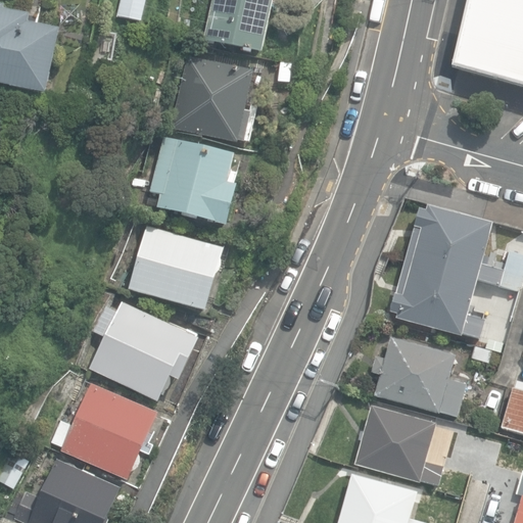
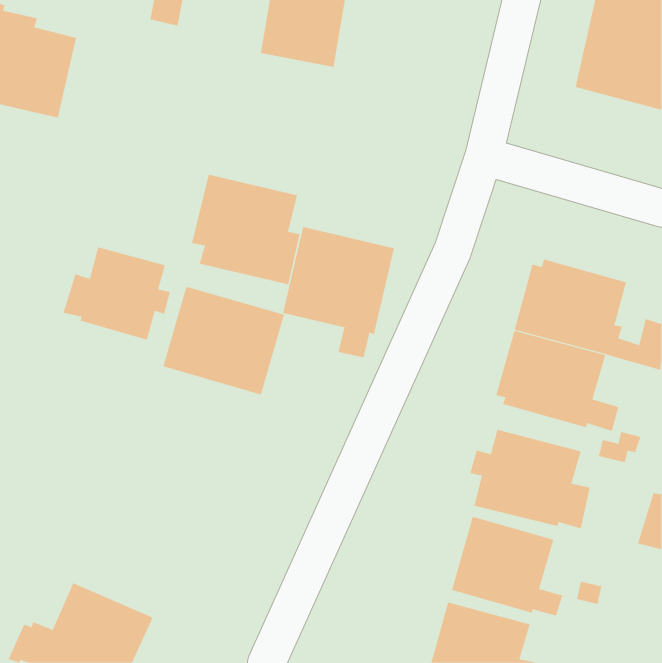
building: [171,56,253,142] -> none
building: none -> [282,226,394,358]
building: none -> [63,246,170,341]
building: [89,300,198,401] -> none
building: [51,381,158,480] -> none

